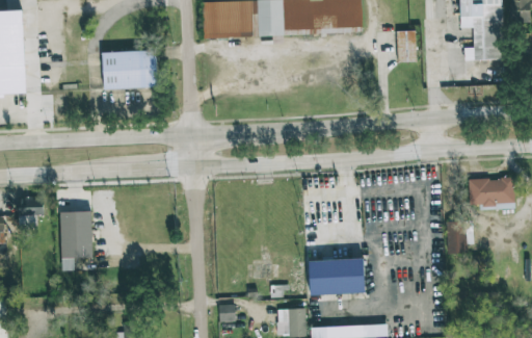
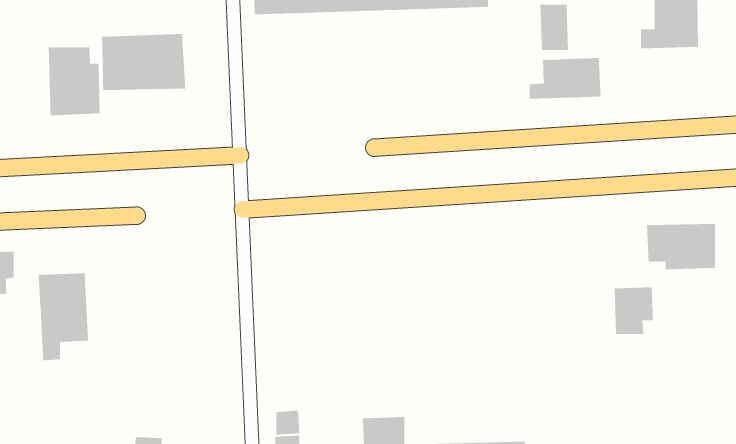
building: none -> [48,46,100,116]
building: none -> [529,57,601,99]
building: [309,258,365,294] -> none

